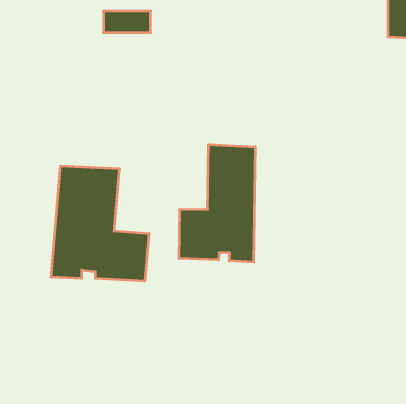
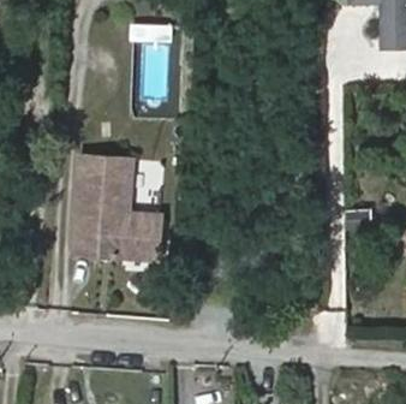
building: [179,145,255,262] -> none

